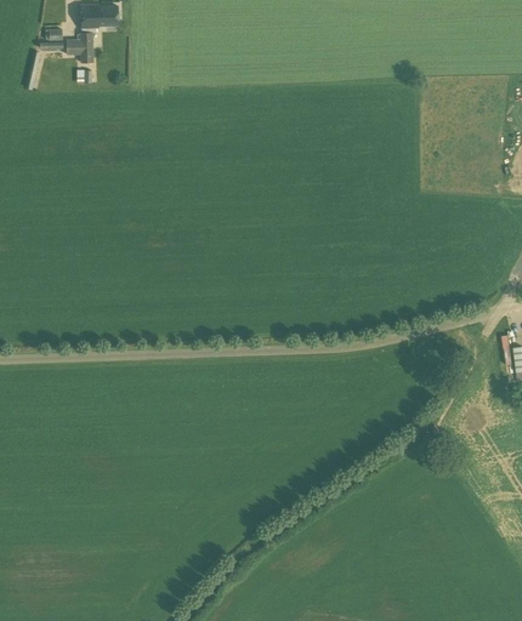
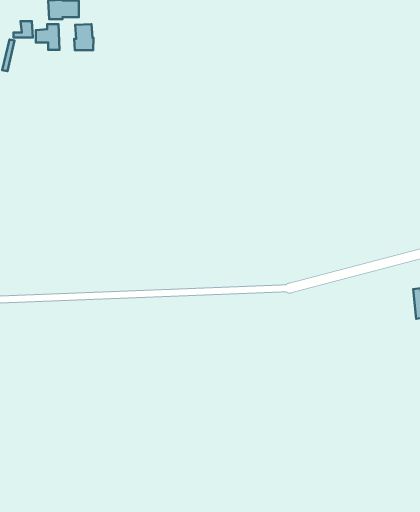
building: none -> [74,24,93,50]

